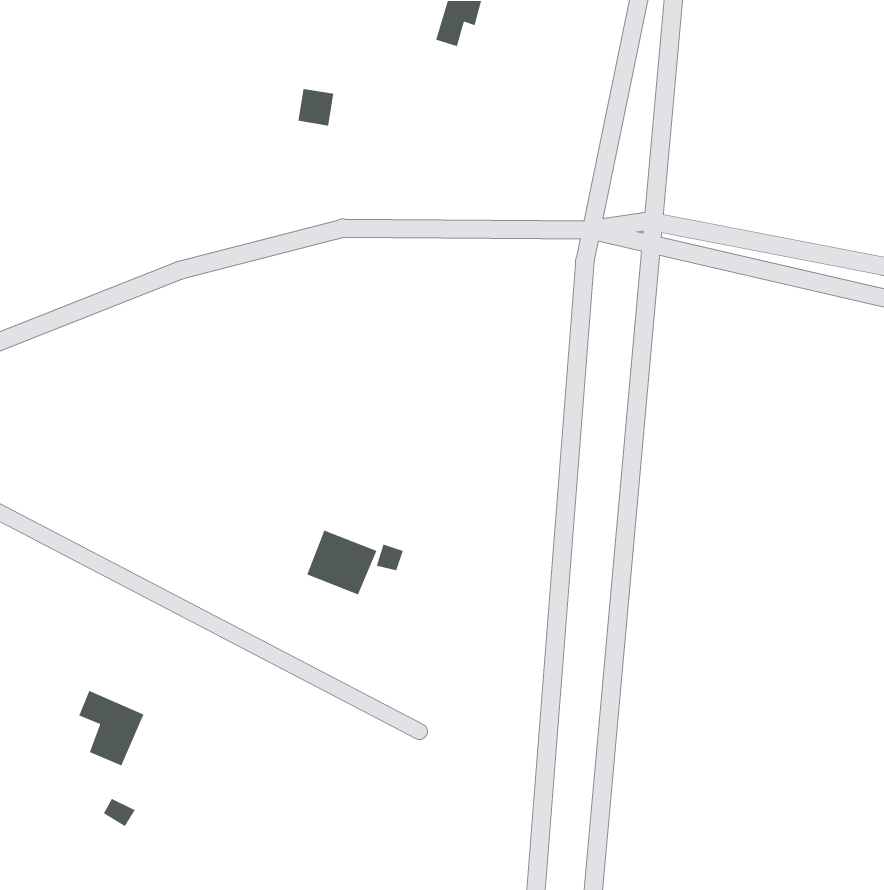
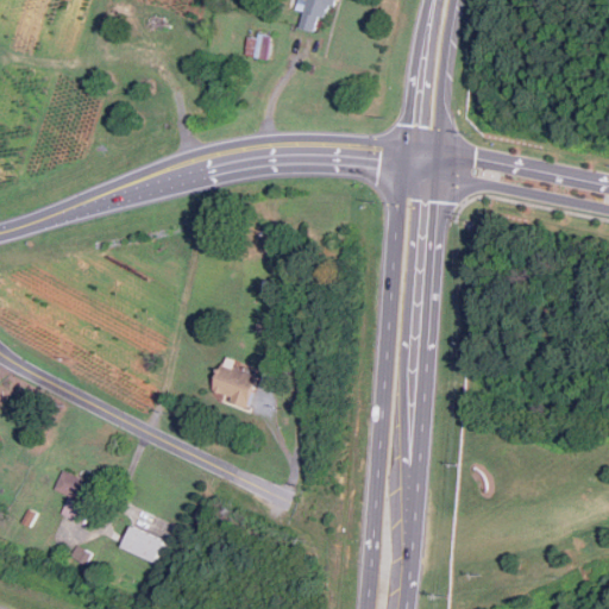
building: [298,88,334,126] -> [244,32,269,58]
building: none -> [120,526,163,563]

